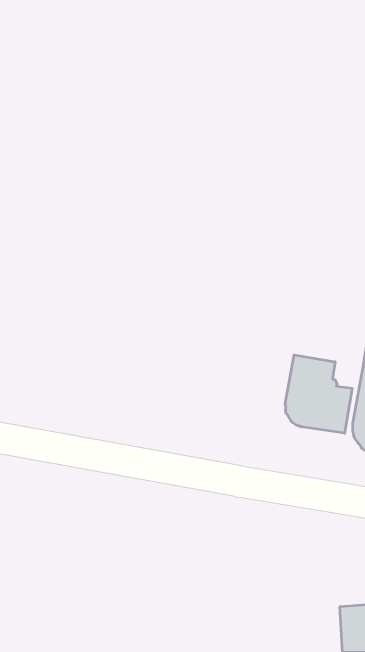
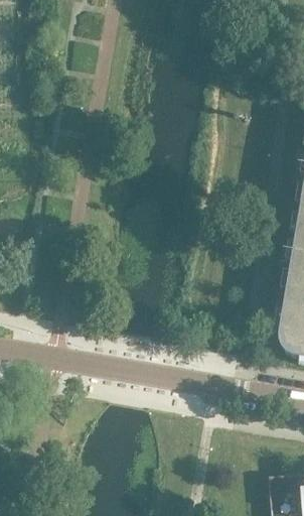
building: [285,355,352,433] -> none

